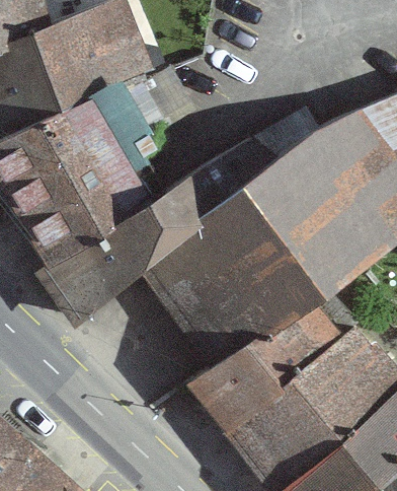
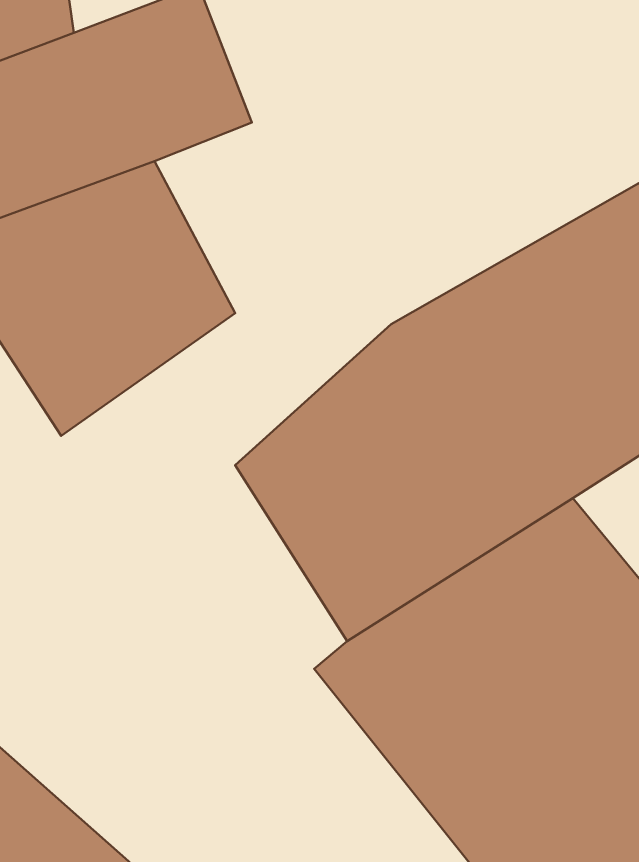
building: [28,151,225,323] -> none

